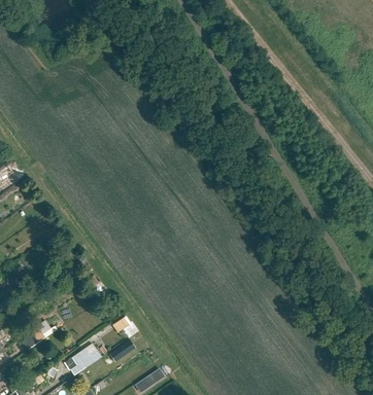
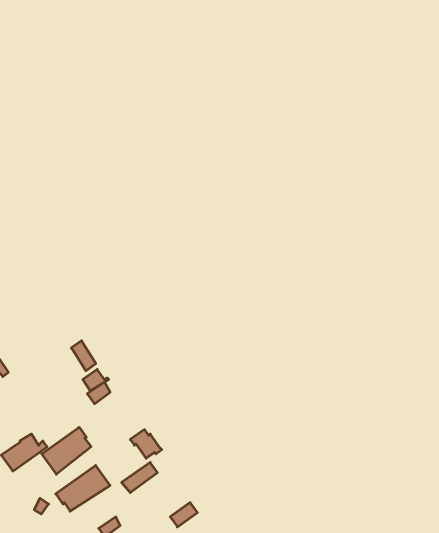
building: none -> [42,427,91,474]

